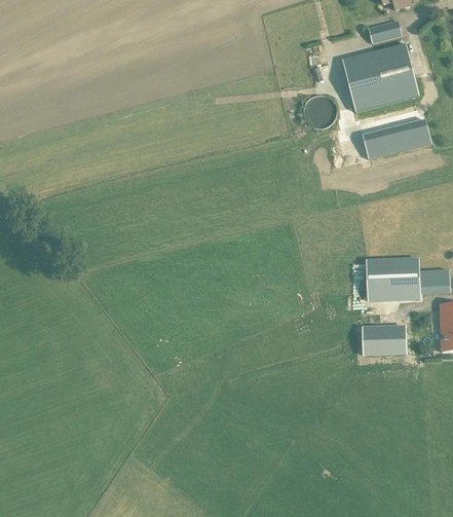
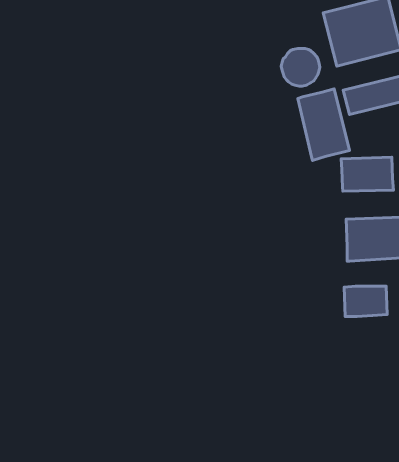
building: none -> [298,89,350,160]
building: none -> [341,157,394,191]

